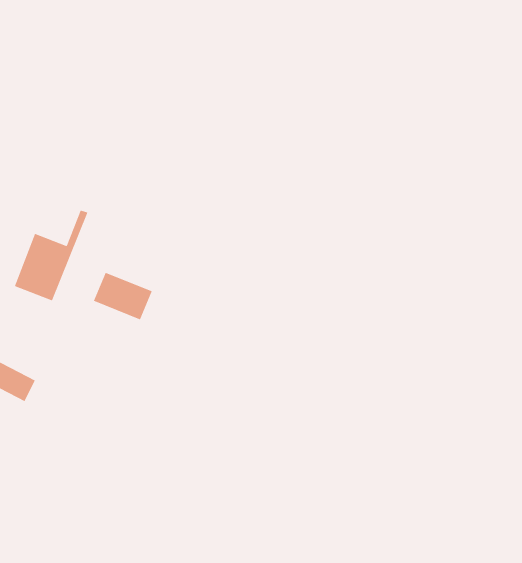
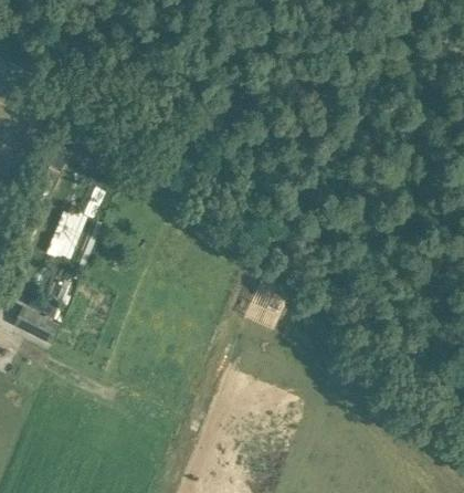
building: [93,272,153,320] -> none

